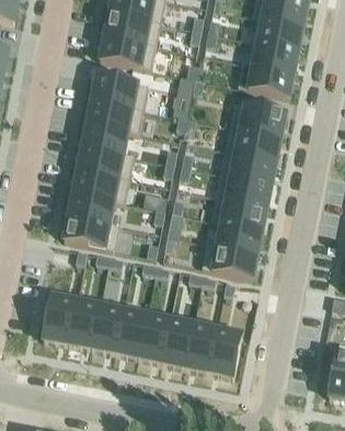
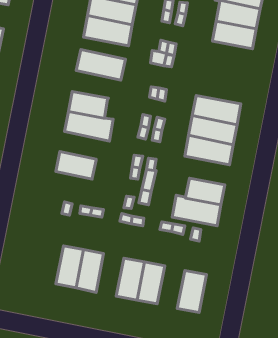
building: [238,61,294,97] -> none
building: [87,98,142,133] -> none
building: [229,102,286,136] -> none
building: [72,168,129,203] -> none
building: [210,196,267,229] -> none
building: [64,214,119,249] -> none
building: [43,294,77,343] -> none
building: [114,308,146,358] -> none
building: [184,322,216,372] -> none

